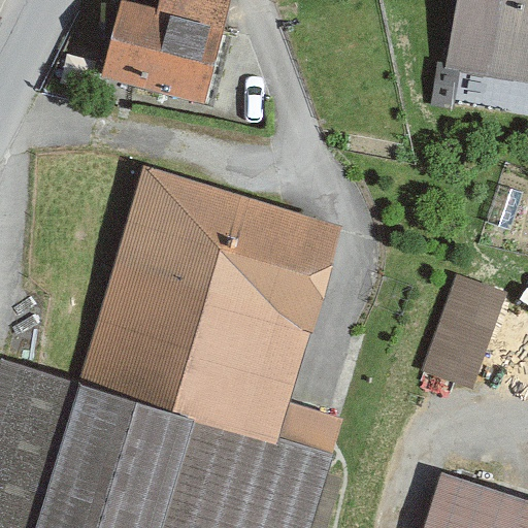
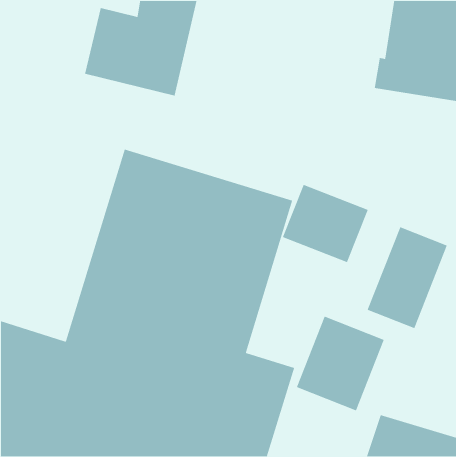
building: none -> [282,184,369,263]
building: none -> [296,315,385,412]

